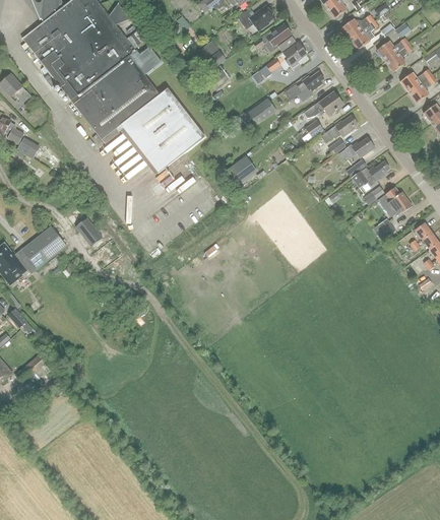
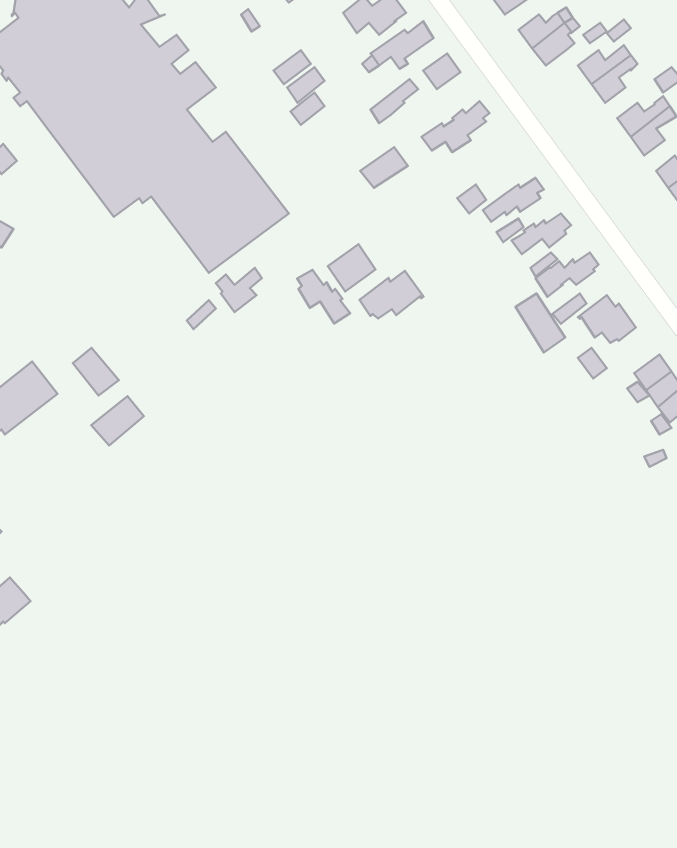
building: [303,91,342,118] -> none
building: none -> [297,270,350,323]
building: none -> [359,271,424,318]
building: none -> [515,294,565,353]
building: none -> [91,396,144,445]

